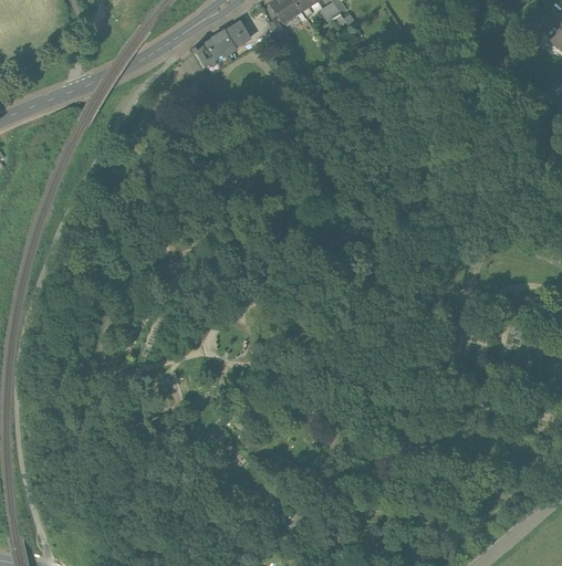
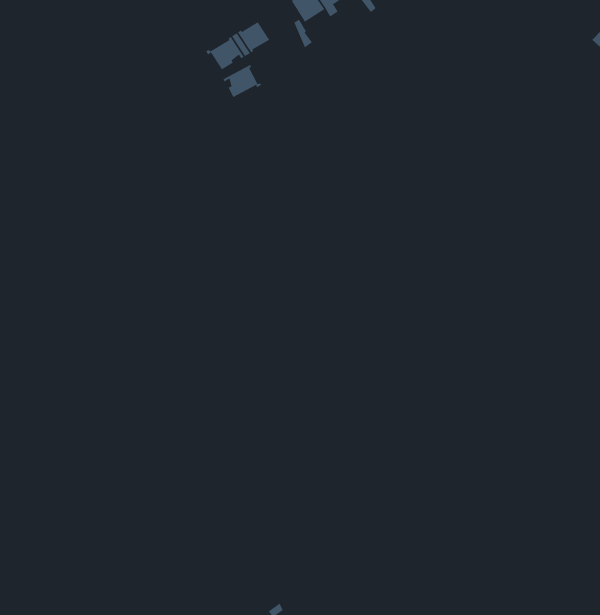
building: none -> [223,64,262,98]

